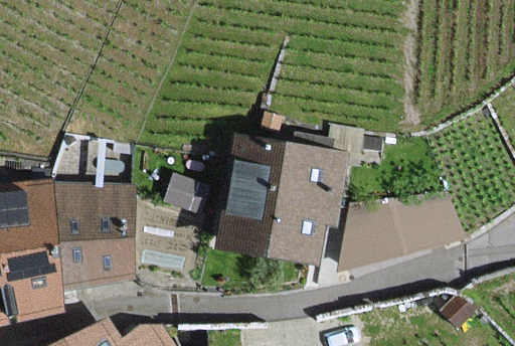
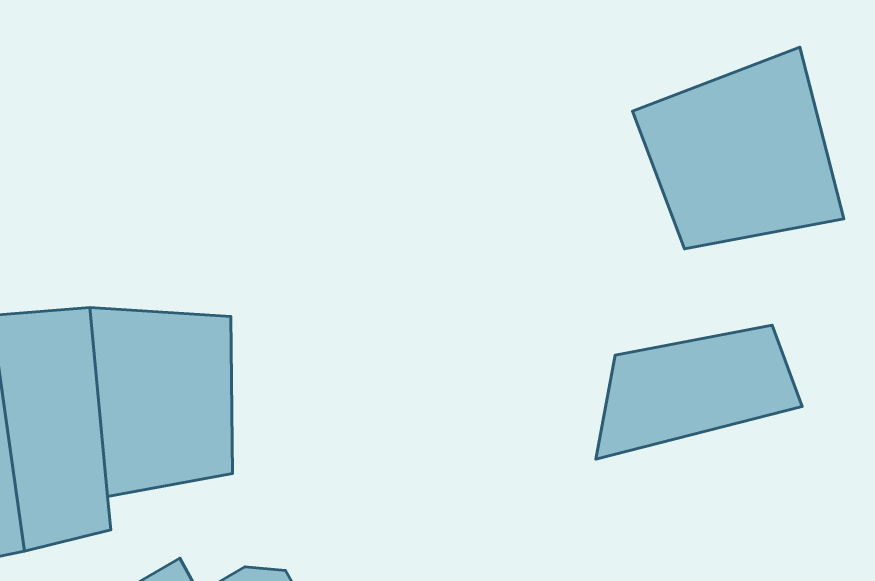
building: none -> [632,47,844,249]
building: [225,138,347,263] -> none

